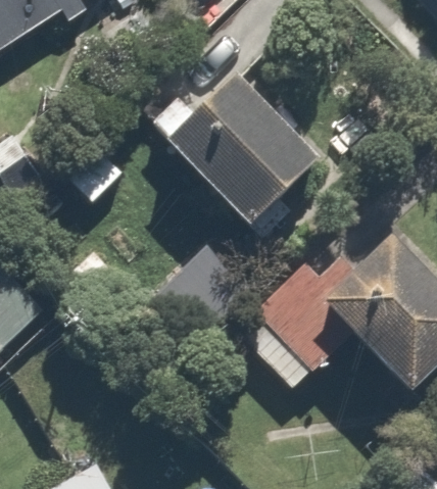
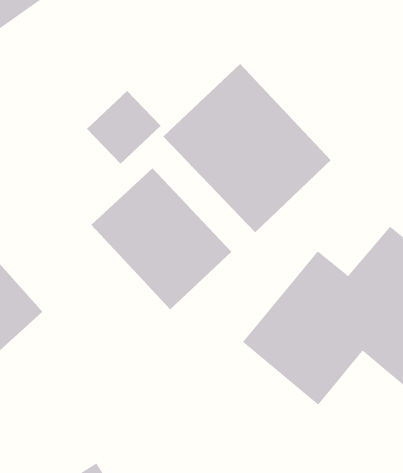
building: none -> [91,167,232,310]

